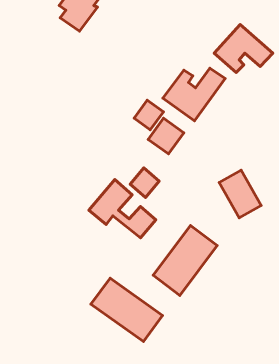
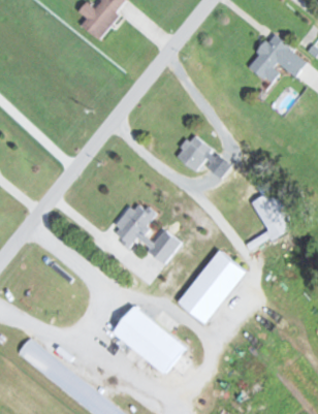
building: [163,68,225,121] -> none
building: [134,100,164,130] -> none
building: [130,168,159,197] -> none

